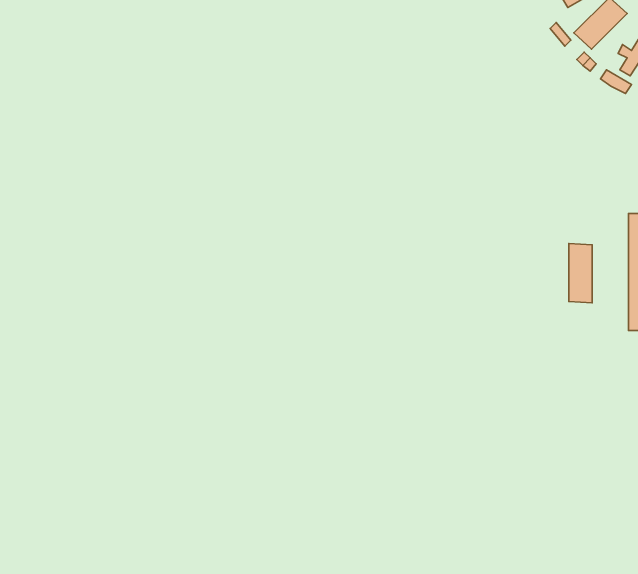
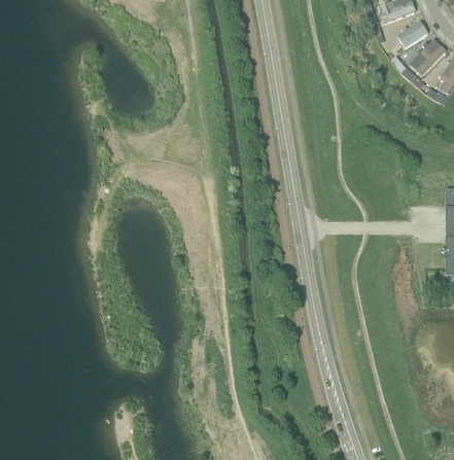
building: [569,244,592,303] -> none

